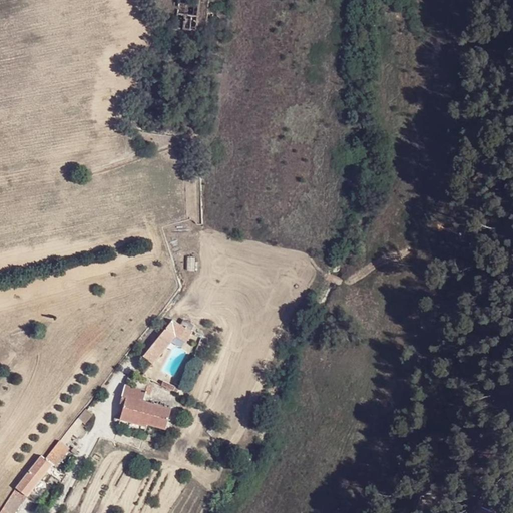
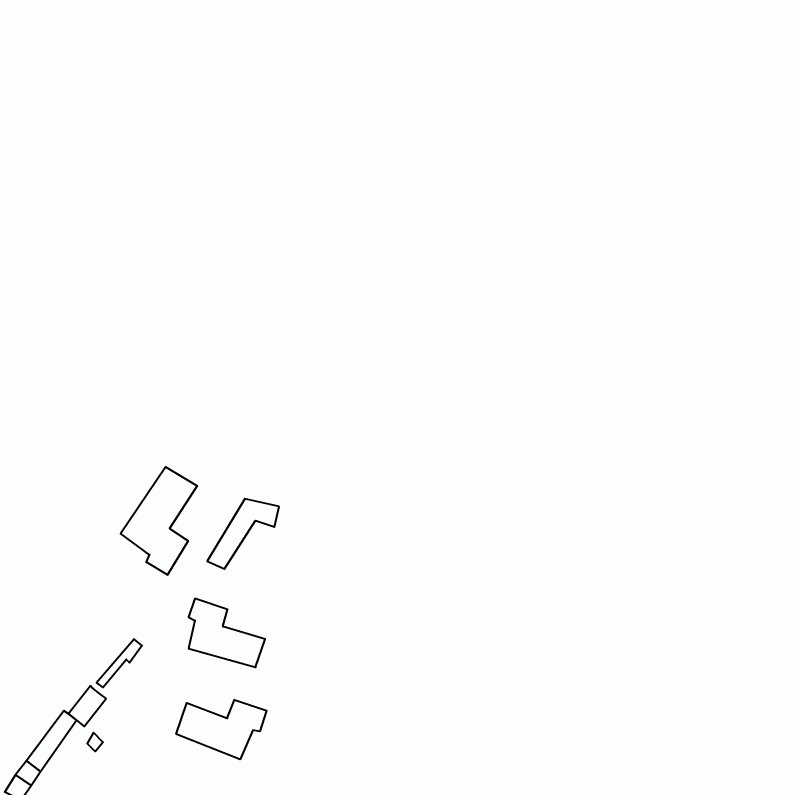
building: none -> [121,467,197,575]
building: none -> [176,700,267,759]

